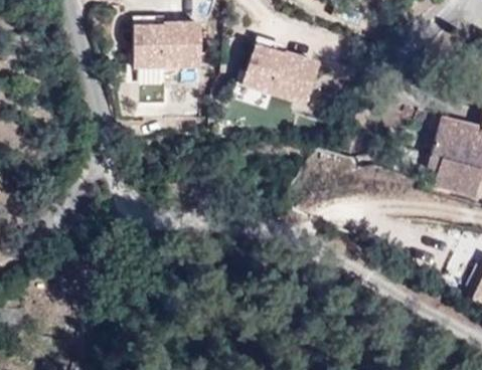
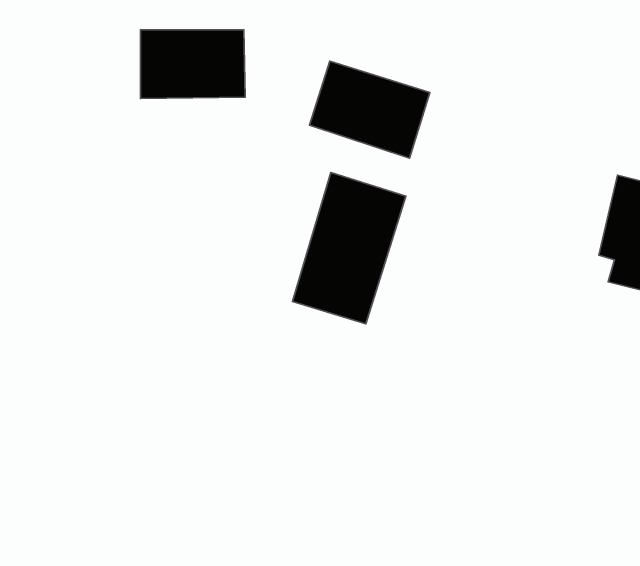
building: none -> [292,172,406,324]

